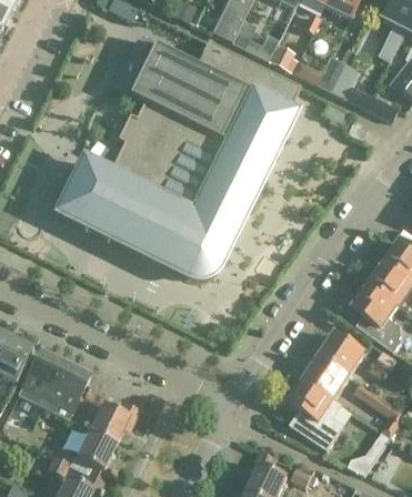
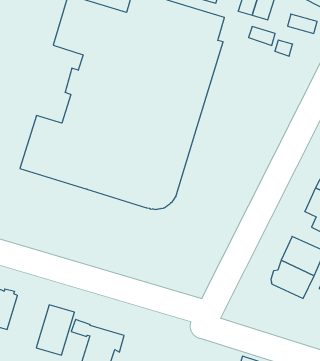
building: [19,351,64,406] -> none
building: [289,378,344,449] -> none

